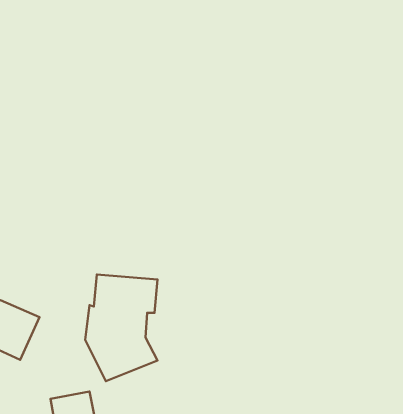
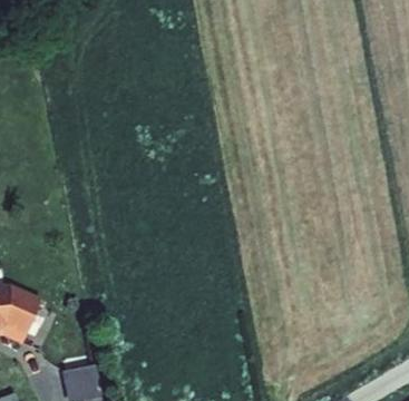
building: [85,274,157,381] -> none

